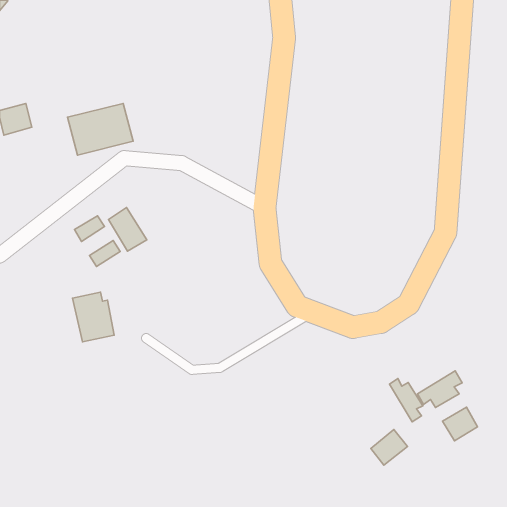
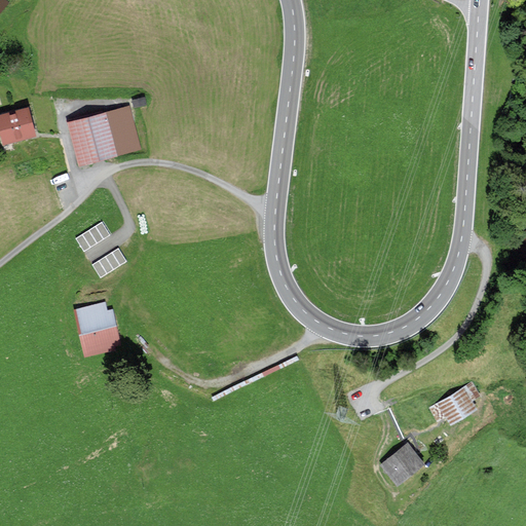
building: [108,208,147,251] -> none
building: [390,379,423,422] -> none
building: [442,407,477,441] -> none

